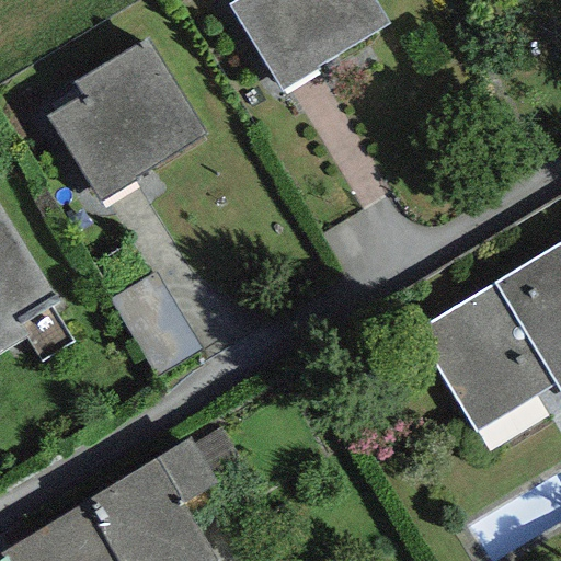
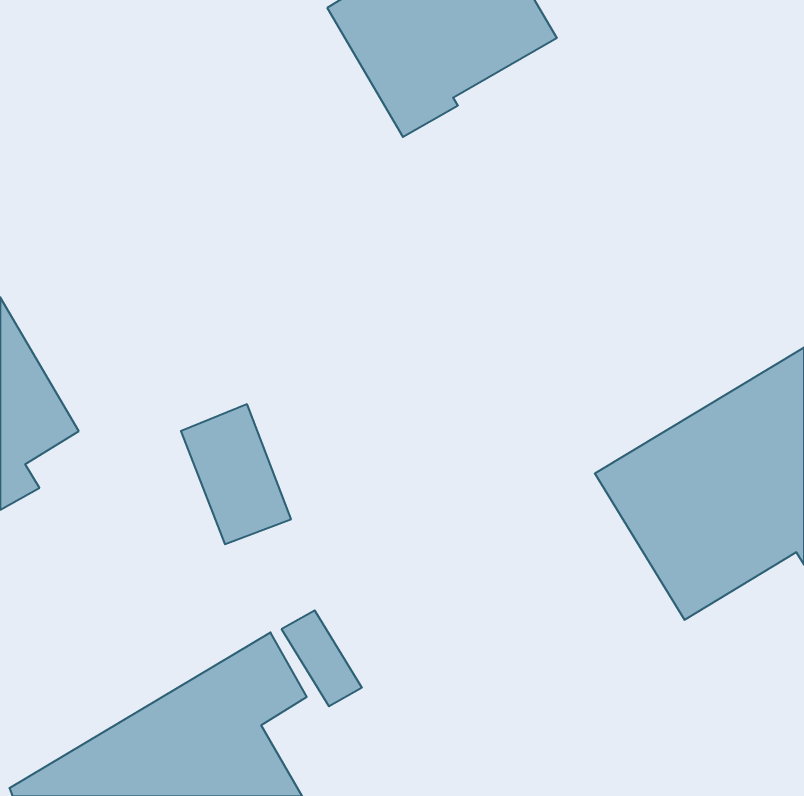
building: [46,38,206,207] -> none

